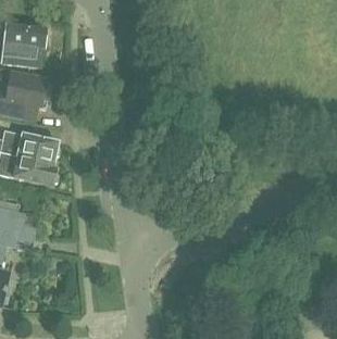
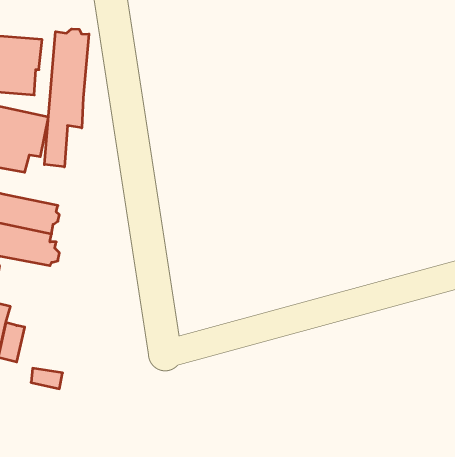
building: none -> [44,29,89,167]

